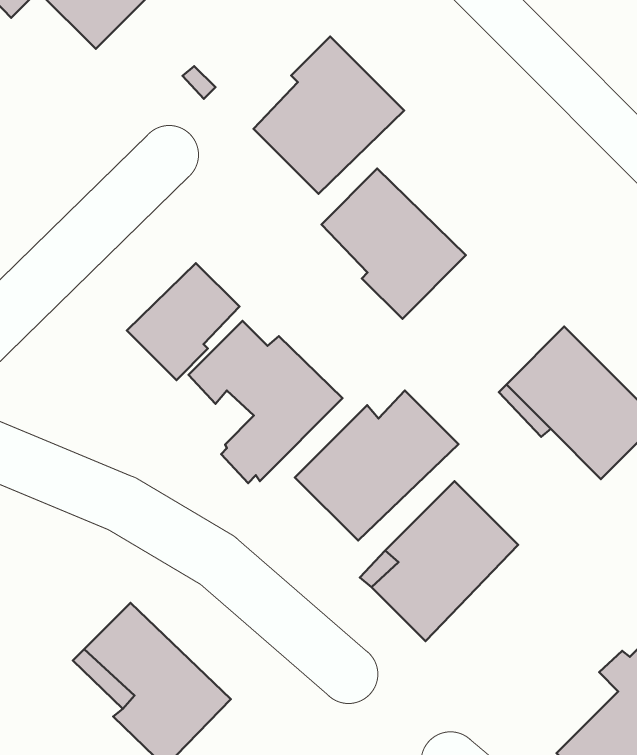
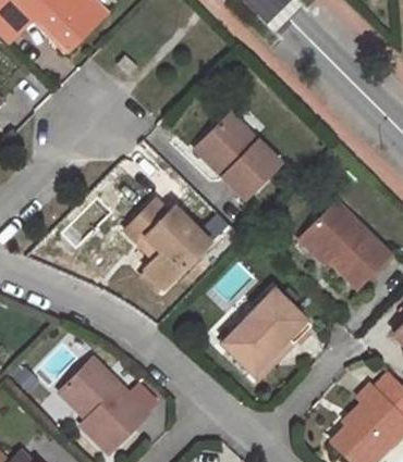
building: [253,36,404,194] -> none
building: [127,263,239,380] -> none
building: [295,390,458,541] -> none

